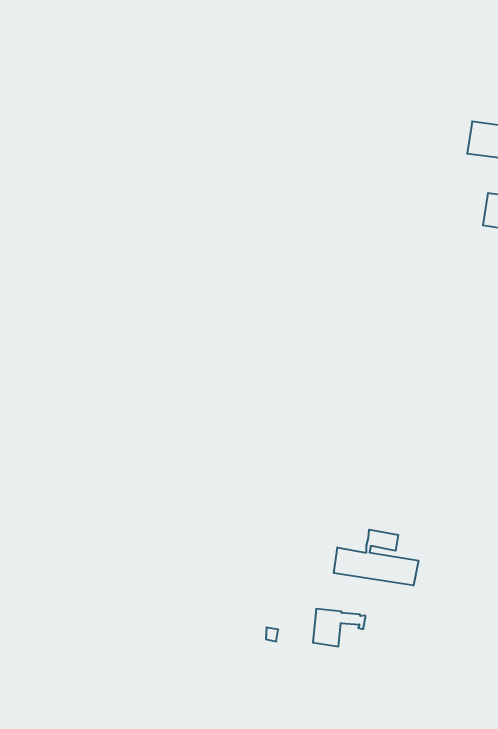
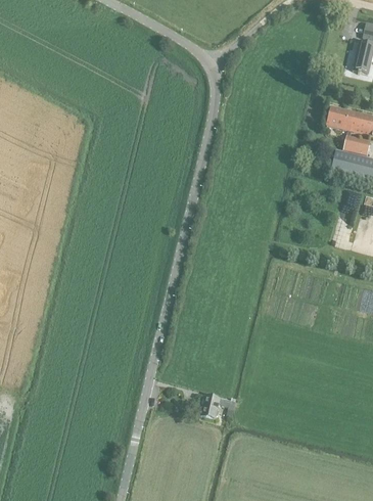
building: [334,530,418,586] -> none

